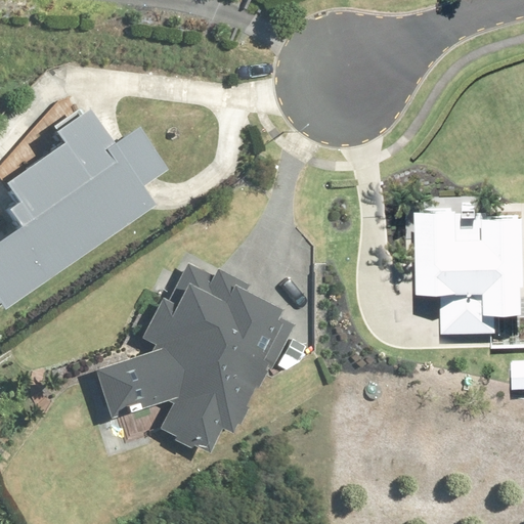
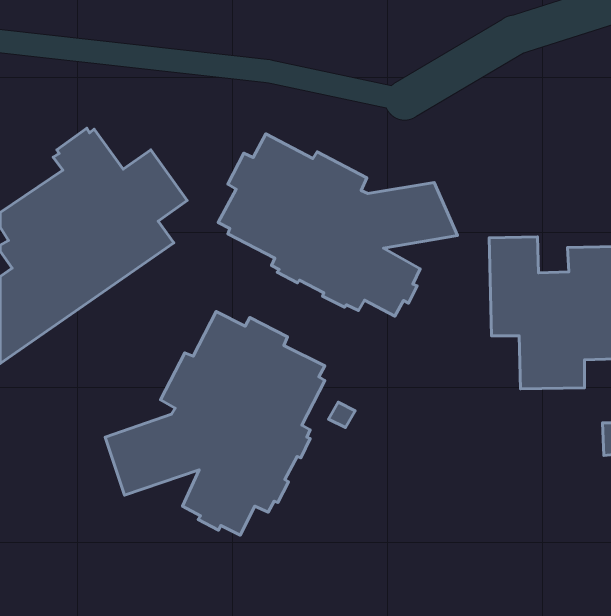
building: none -> [218,134,458,316]

